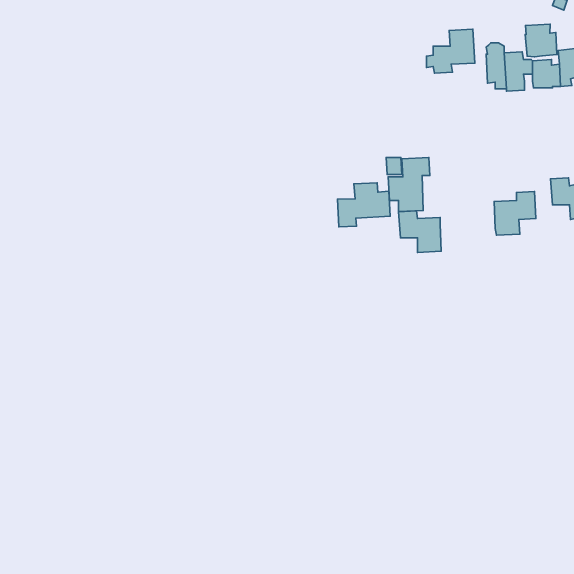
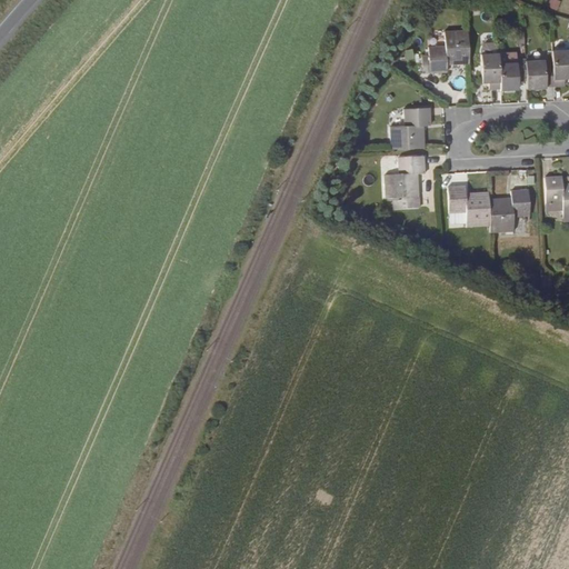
building: [525,24,557,57] -> none
building: none -> [390,107,431,149]
building: [337,183,390,227] -> none
building: [398,211,441,252] -> [448,186,490,227]

